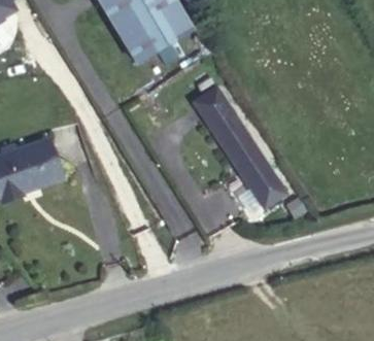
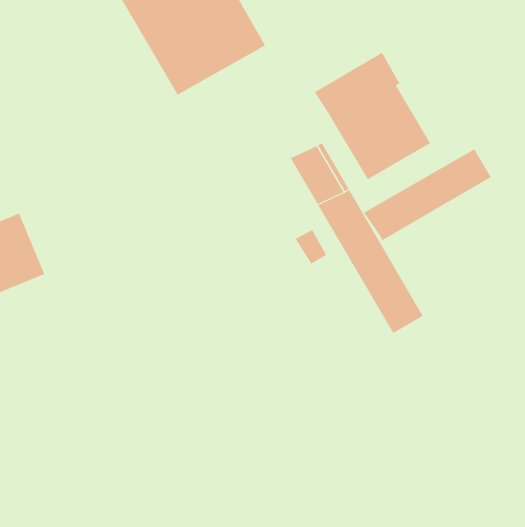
building: none -> [314,52,431,180]
building: none -> [363,148,492,241]

